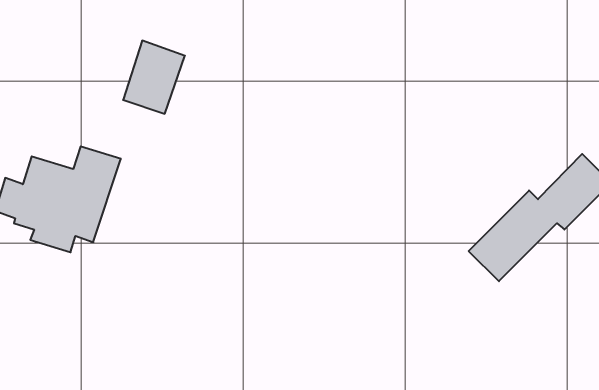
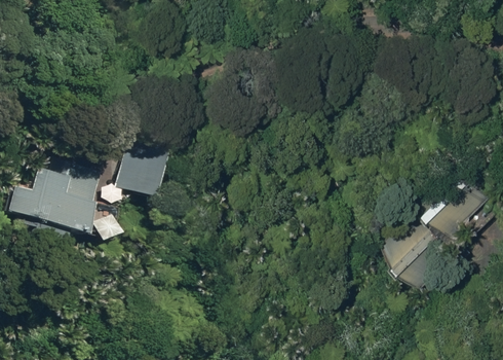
building: [123,41,185,114] -> [119,135,169,194]

